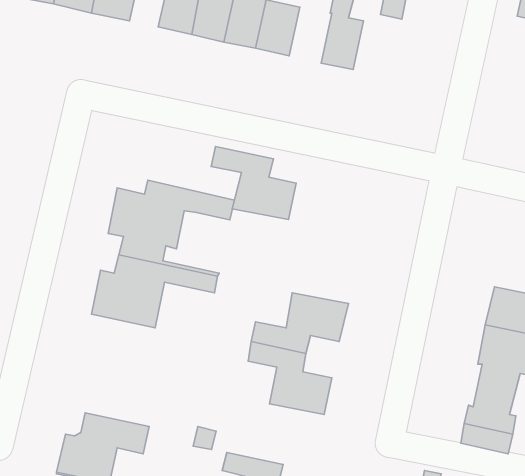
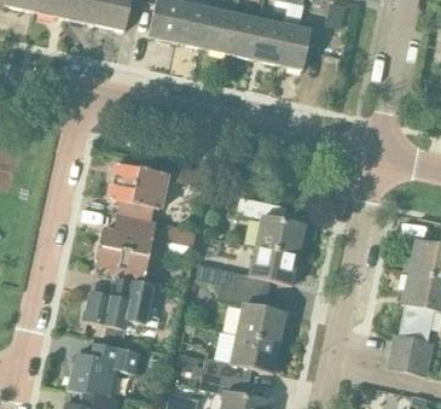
building: none -> [251,19,285,64]
building: [211,147,296,220] -> [237,197,304,255]
building: none -> [82,280,152,333]
building: none -> [202,334,279,382]

